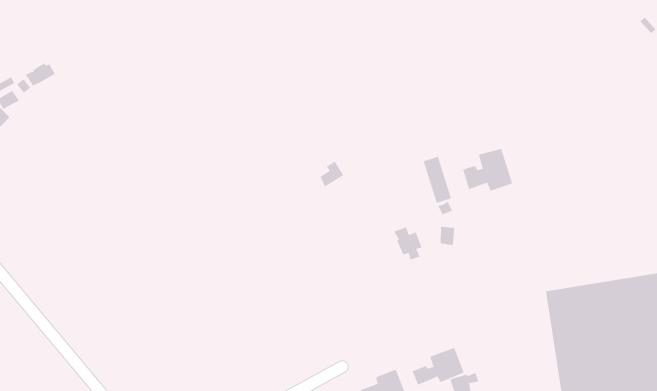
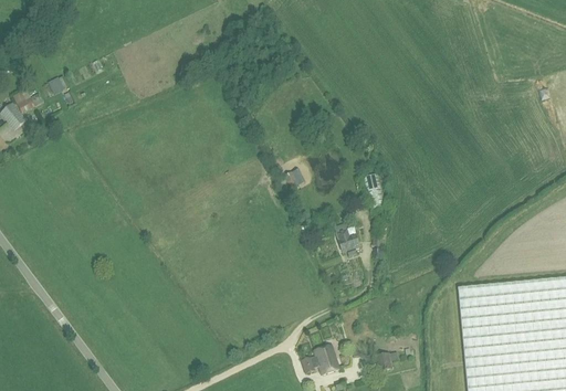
building: [462,148,513,191] -> none
building: [412,347,465,386] -> none

